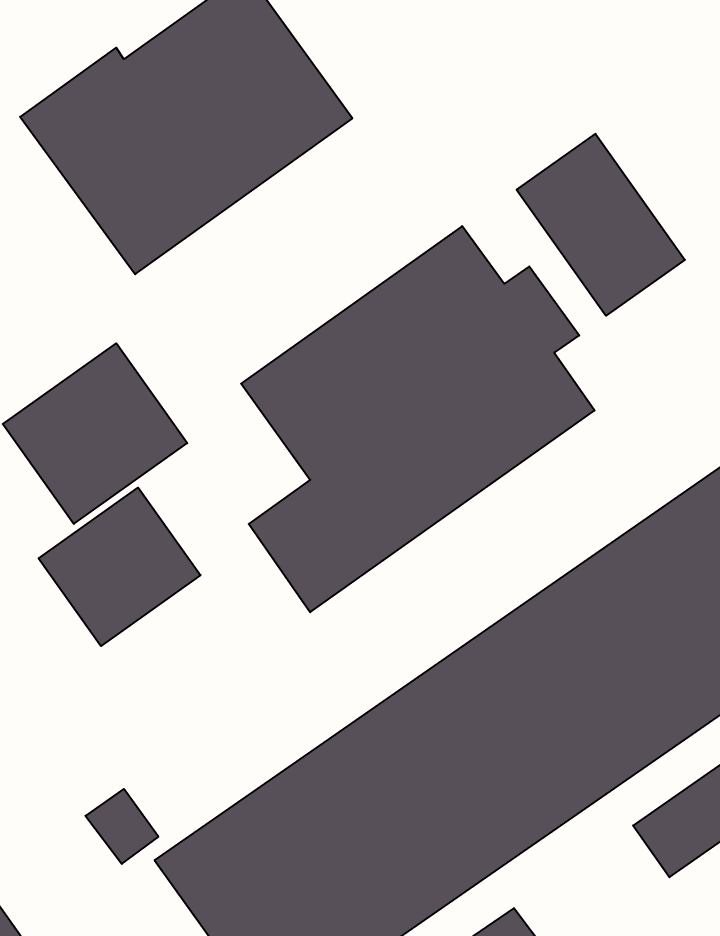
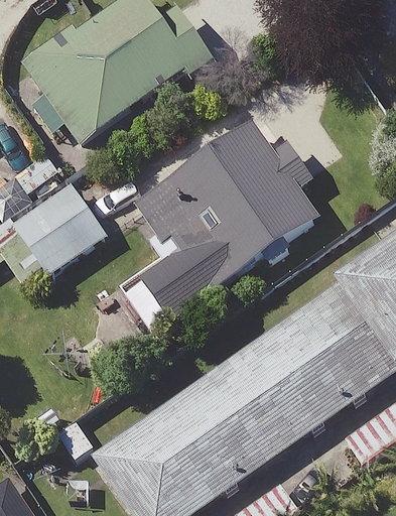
building: [517,134,685,316] -> none
building: [39,488,201,646] -> none

